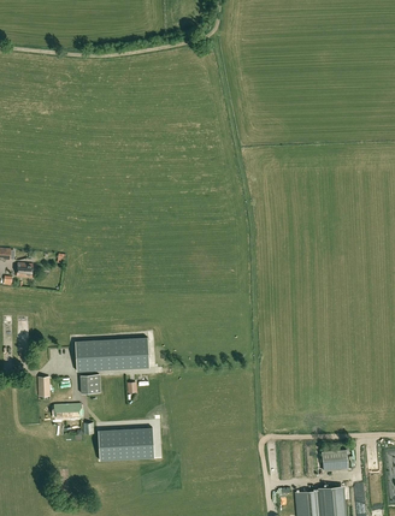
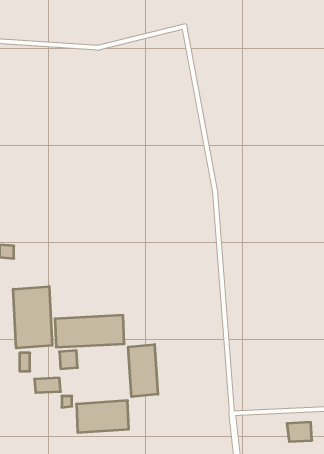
building: none -> [13,286,52,348]
building: none -> [128,344,158,397]

